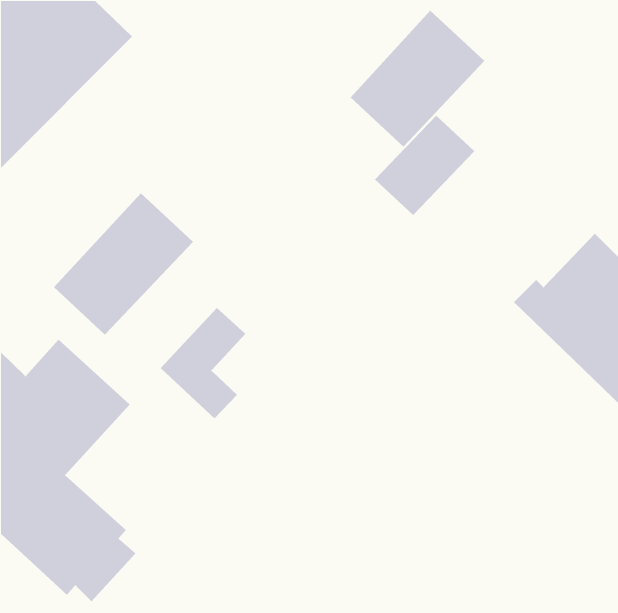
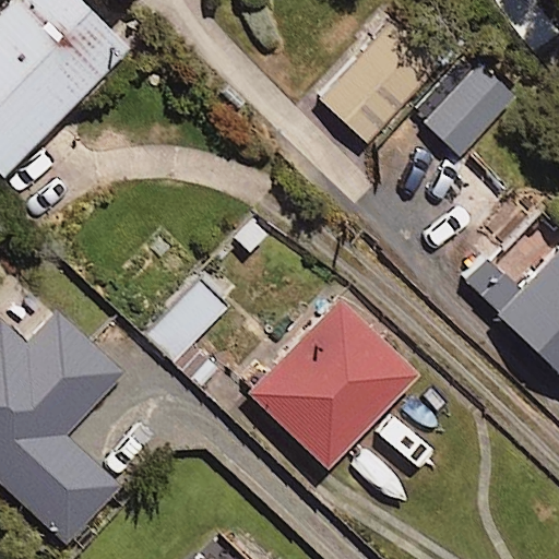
building: [374,115,475,216] -> [424,66,514,156]
building: [53,192,194,335] -> none
building: none -> [246,296,414,466]

